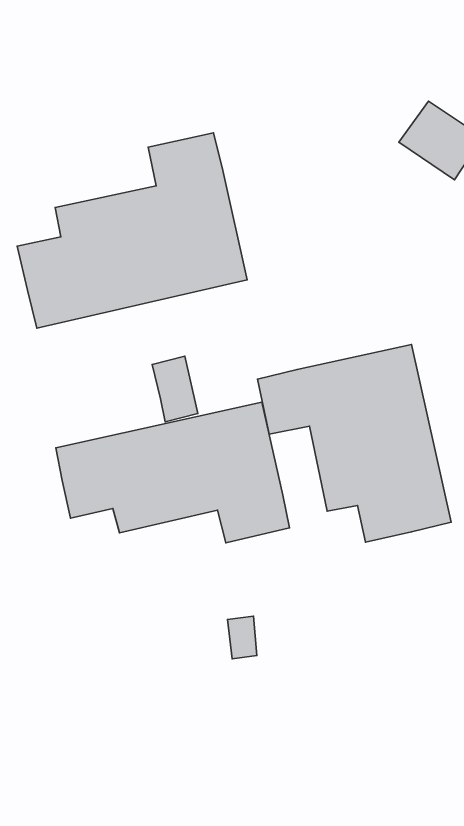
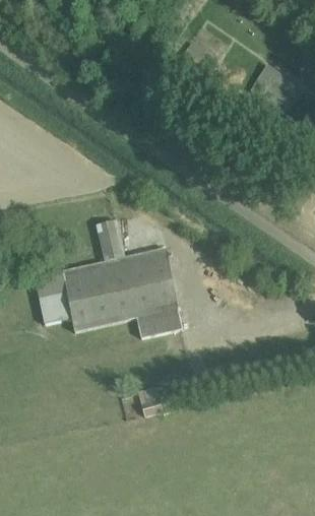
building: [17,133,247,328] -> none
building: [257,345,451,542] -> none

